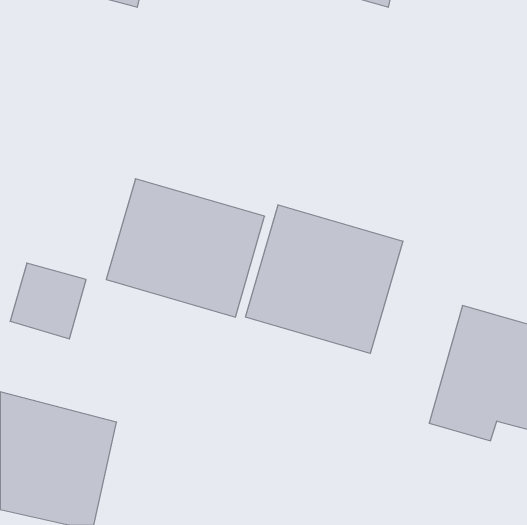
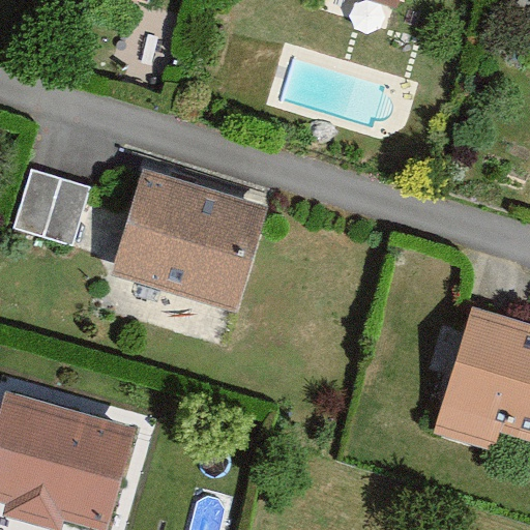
building: [245,205,403,353] -> none
building: [10,263,86,339] -> [12,169,88,244]

